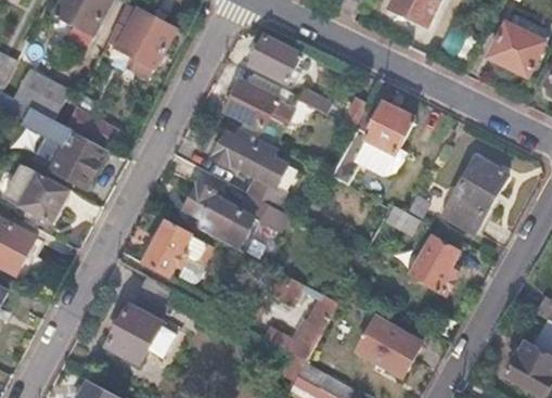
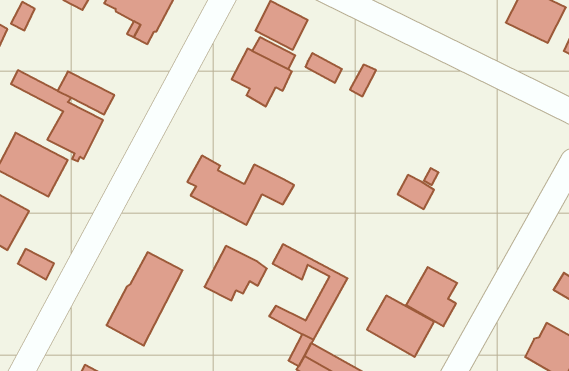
building: [12,70,66,117] -> none
building: [332,104,412,184] -> none
building: [213,126,297,206] -> none
building: [441,155,505,231] -> none
building: [145,223,205,275] -> [204,246,267,300]
building: [409,237,458,294] -> [406,267,457,326]

